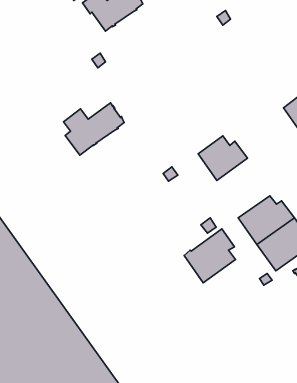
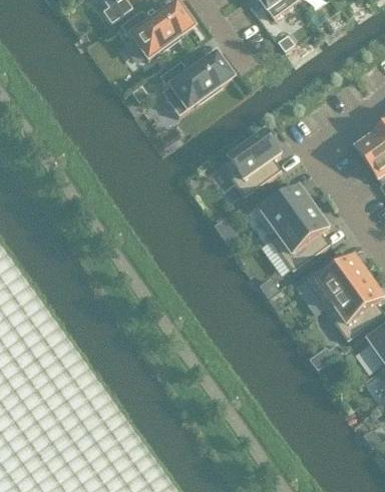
building: none -> [222,130,282,194]
building: [64,103,124,155] -> [159,52,231,113]
building: [184,229,235,283] -> [271,205,331,269]

